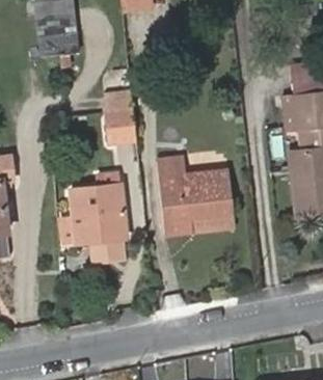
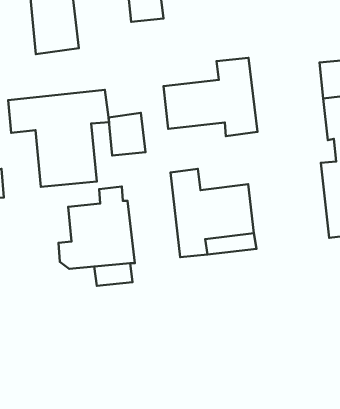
building: none -> [164,58,257,136]
building: none -> [8,90,109,187]

